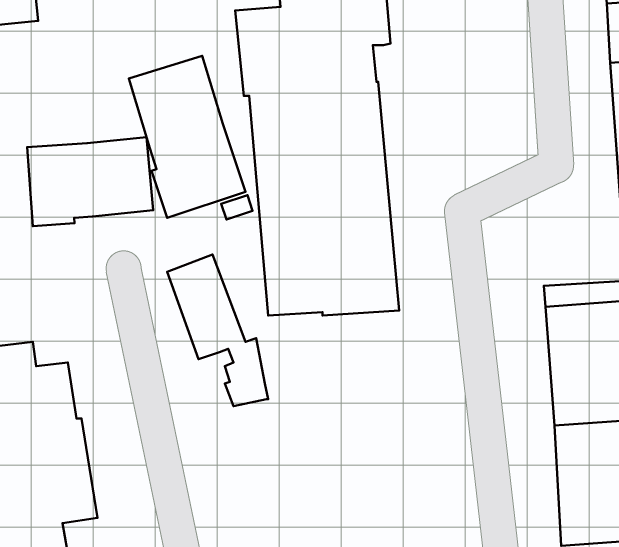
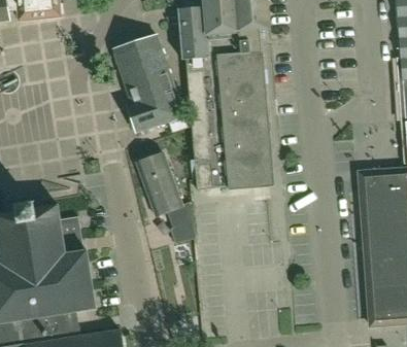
building: [27,137,153,226] -> none

